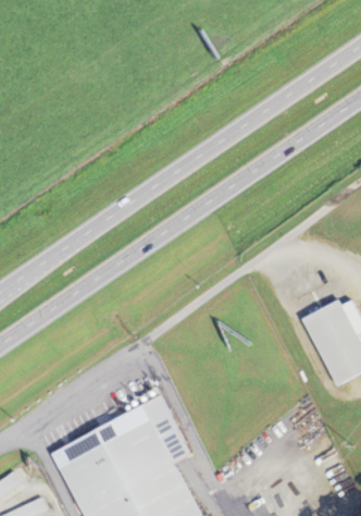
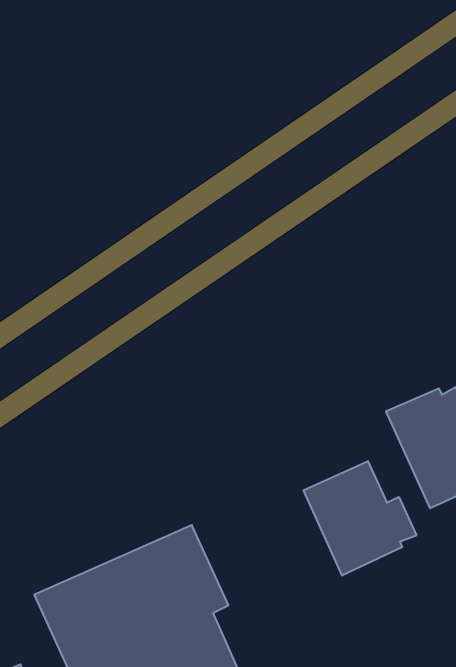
building: none -> [304,461,416,576]

